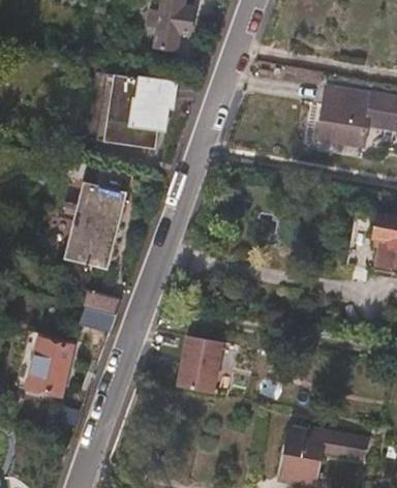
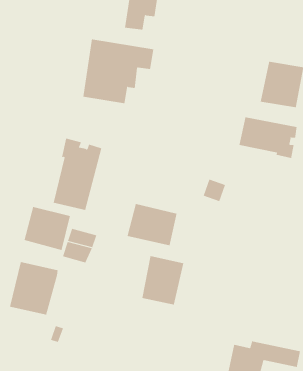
building: none -> [239,117,297,159]
building: none -> [127,203,177,246]
building: none -> [24,206,70,251]

